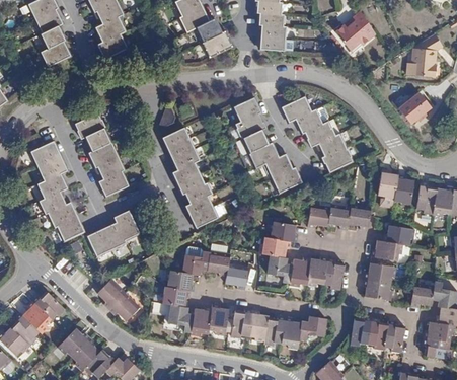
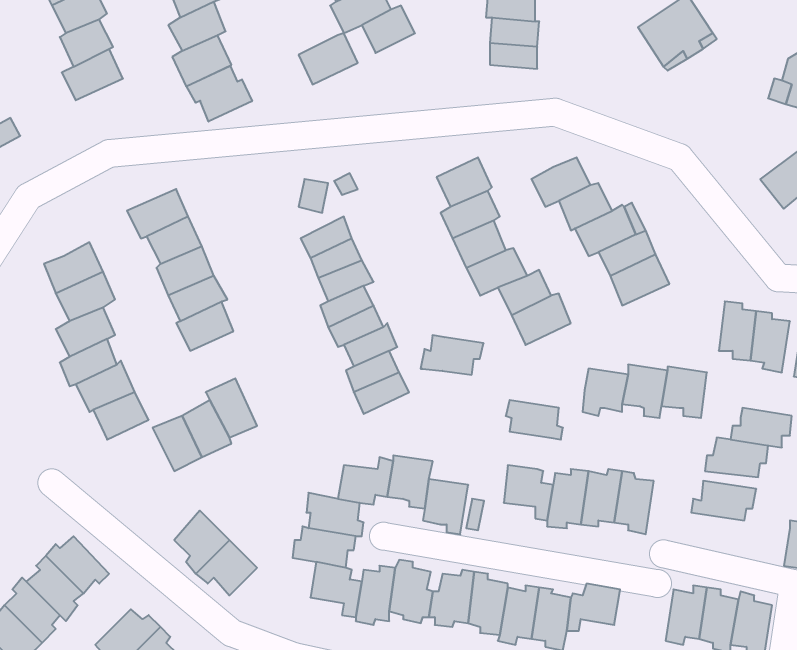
building: [201,31,231,58] -> [299,33,358,84]
building: none -> [187,66,252,122]
building: [257,236,290,256] -> [421,335,484,375]
building: [362,279,392,300] -> none

